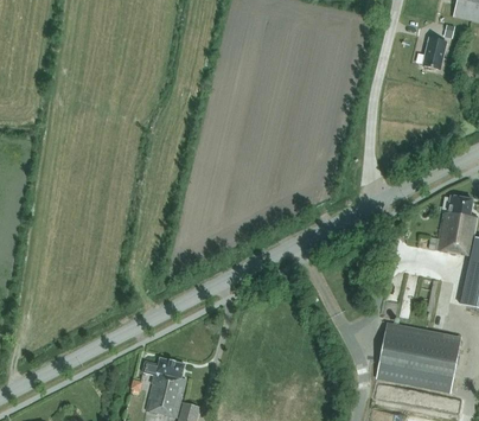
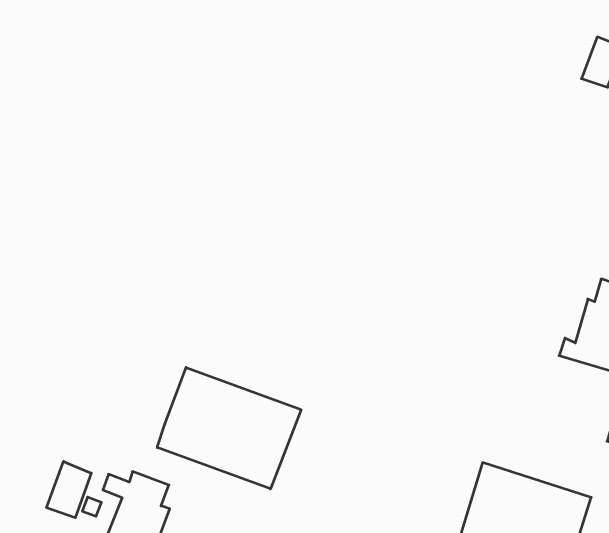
building: none -> [157,367,301,489]
building: none -> [47,461,91,518]

